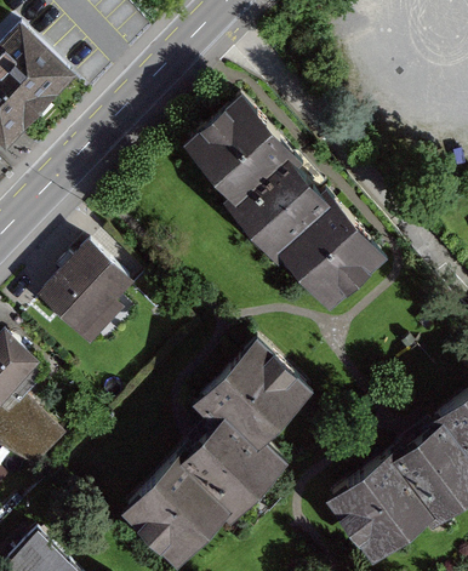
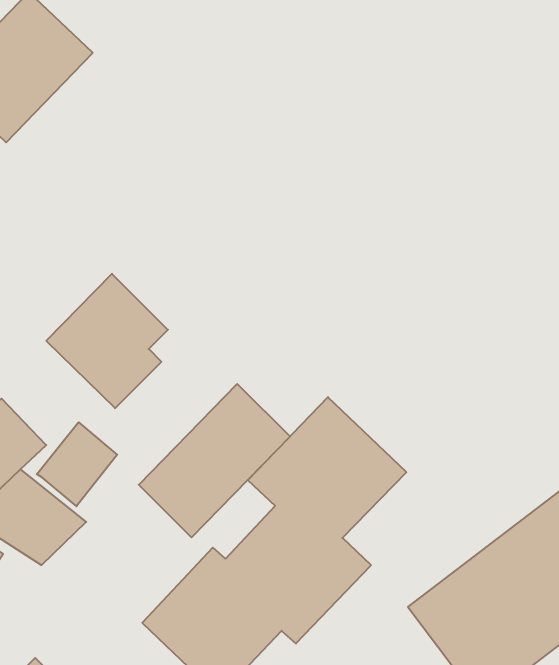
building: [178,96,383,307] -> none
building: none -> [139,384,290,537]
building: none -> [37,422,117,506]

